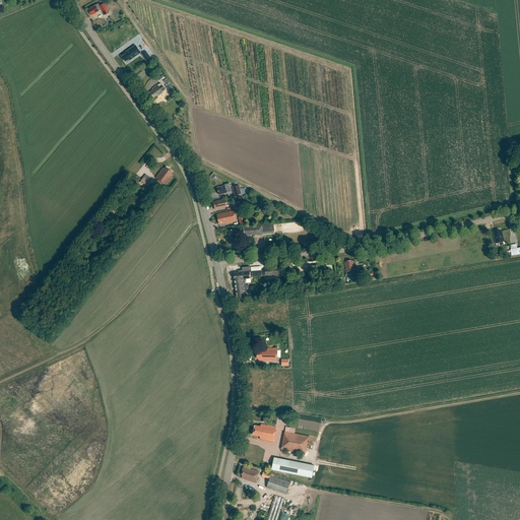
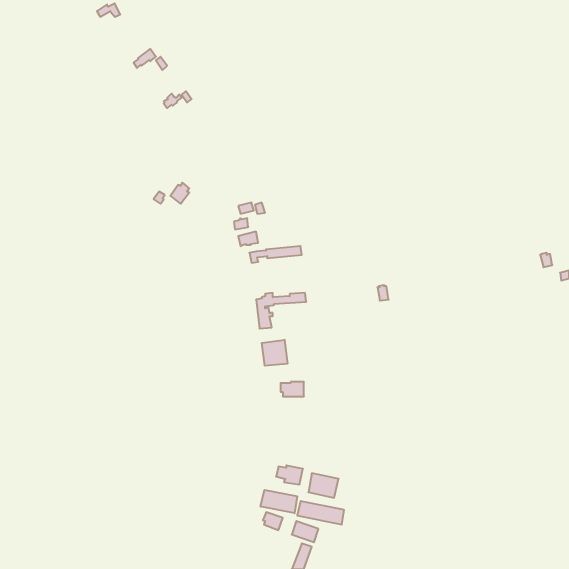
building: none -> [262,340,287,366]
building: none -> [261,490,297,513]

